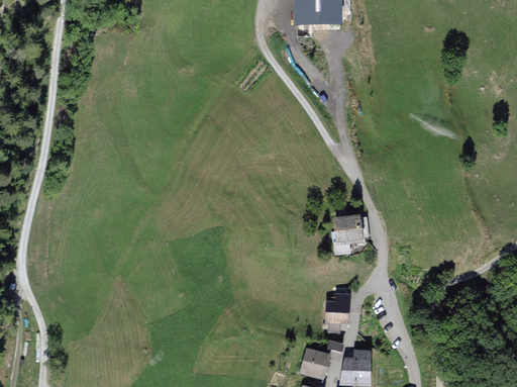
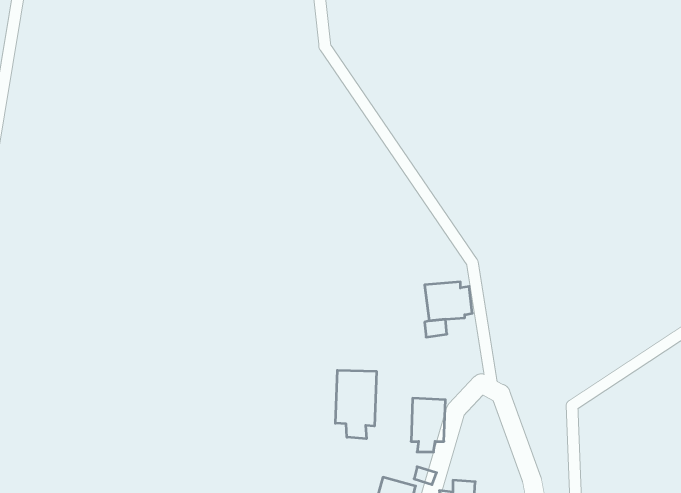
building: none -> [335,370,376,439]

